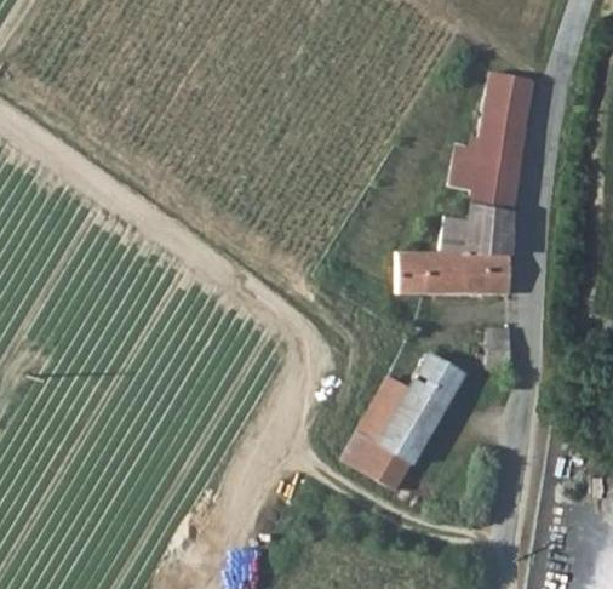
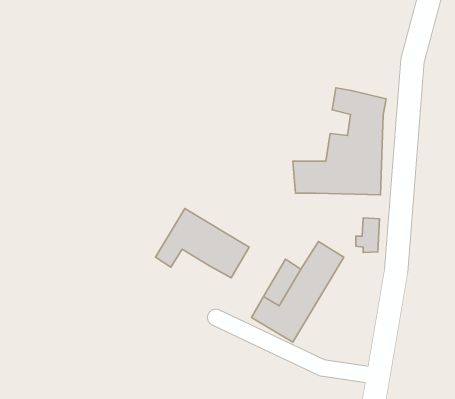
building: [474,73,535,167] -> none
building: none -> [156,209,249,278]

